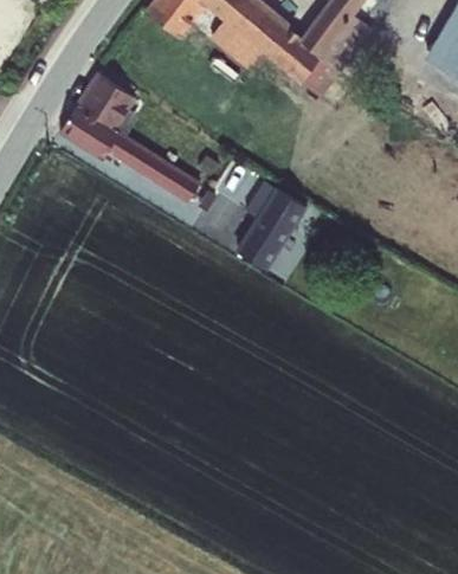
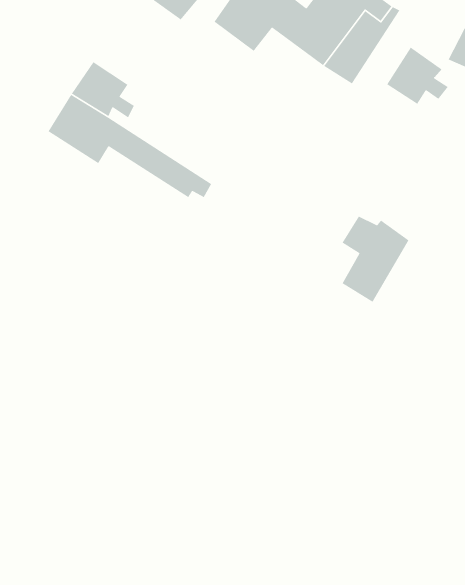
building: none -> [386,47,449,105]
building: [238,189,299,269] -> [342,215,410,303]

